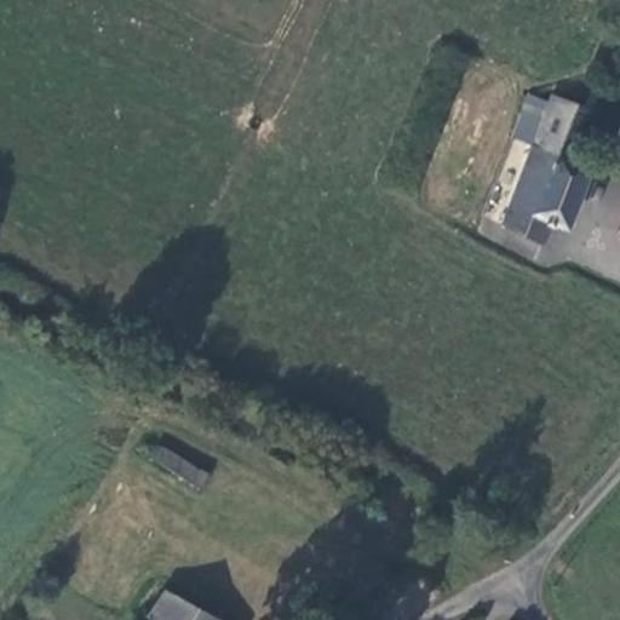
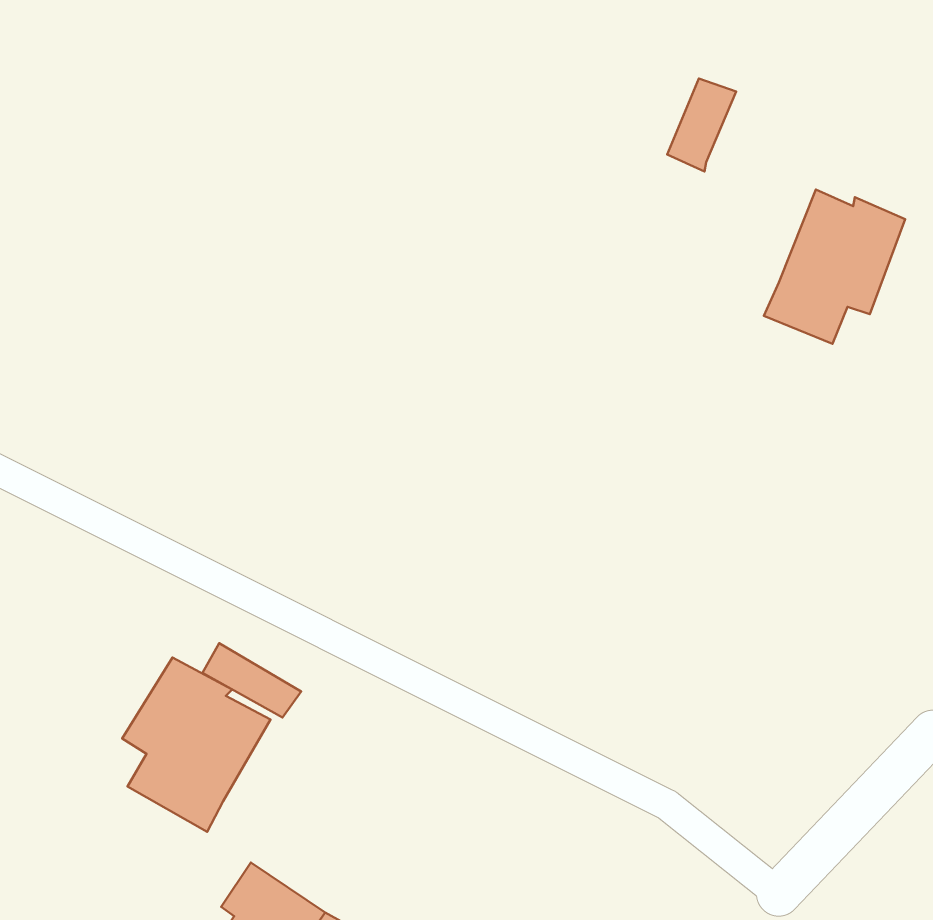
building: [532,93,576,154] -> [667,78,736,171]
building: none -> [122,657,270,832]

